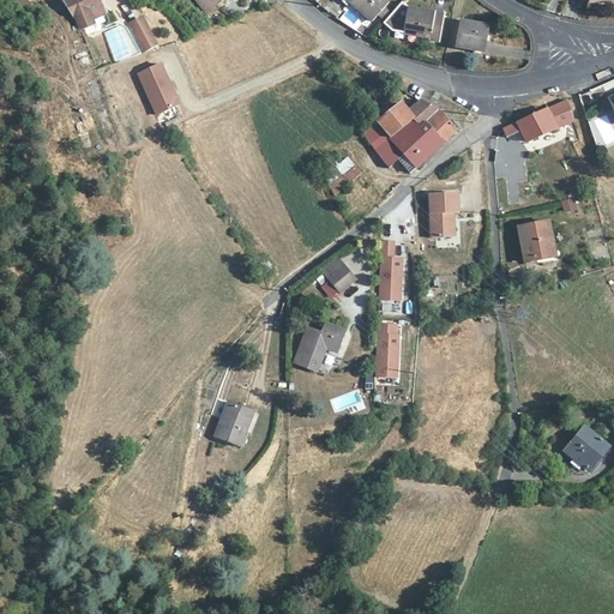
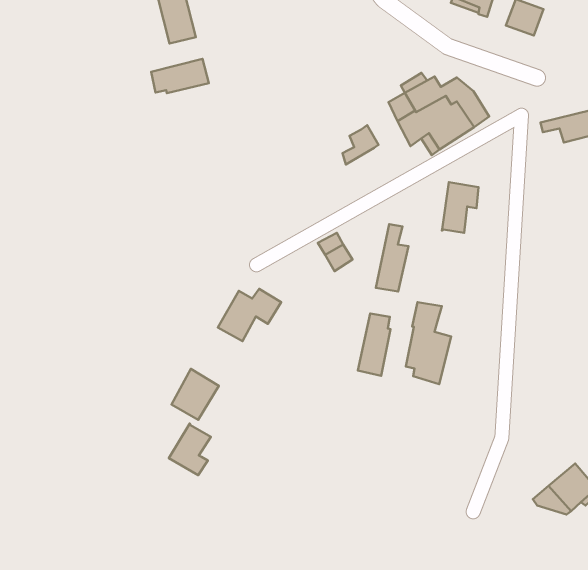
building: none -> [151,59,209,93]
building: [518,219,555,261] -> none
building: none -> [406,302,451,384]
building: [294,320,347,369] -> [218,289,281,341]
building: none -> [169,424,211,475]

